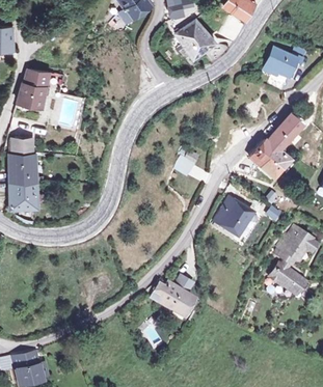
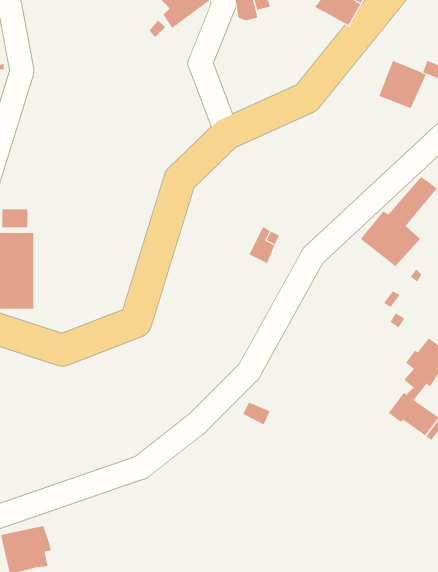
building: [171,18,213,59] -> none
building: [17,70,47,110] -> none
building: [215,198,254,237] -> none
building: [150,283,191,314] -> none

